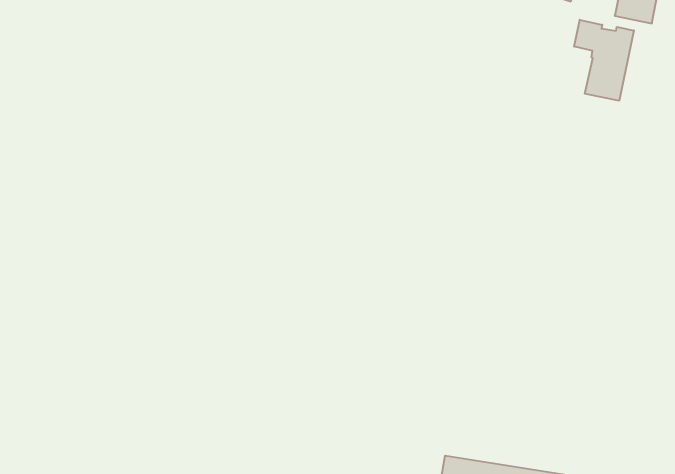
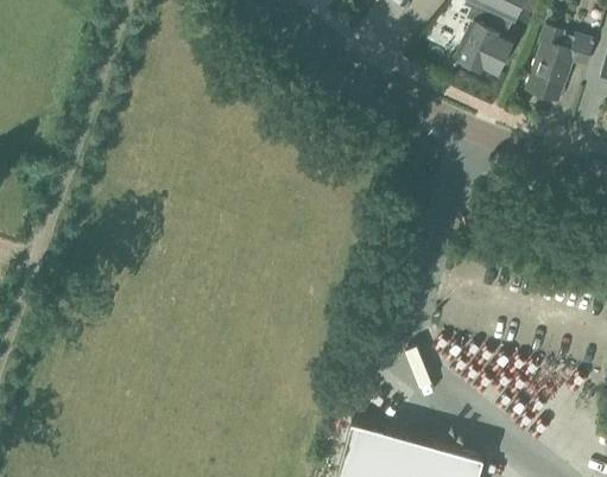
building: [574,20,634,101] -> none

